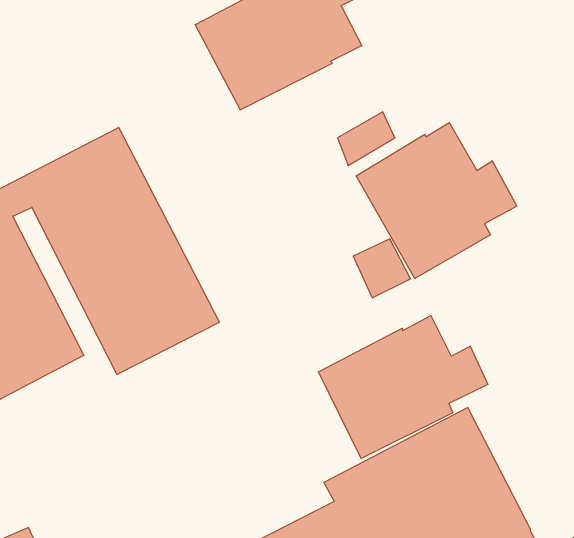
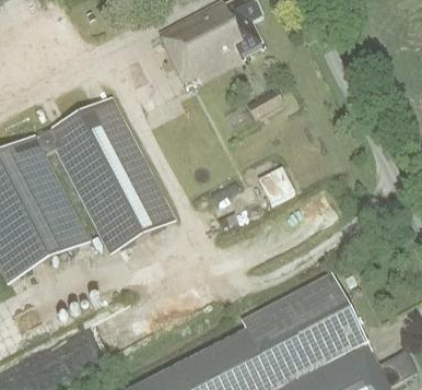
building: [356,123,517,279] -> none
building: [318,316,488,459] -> none

